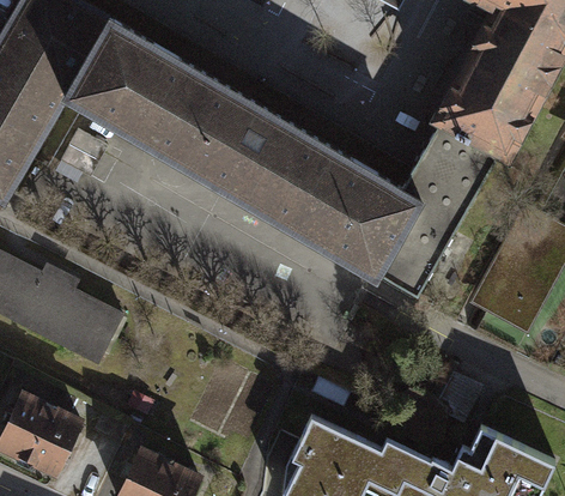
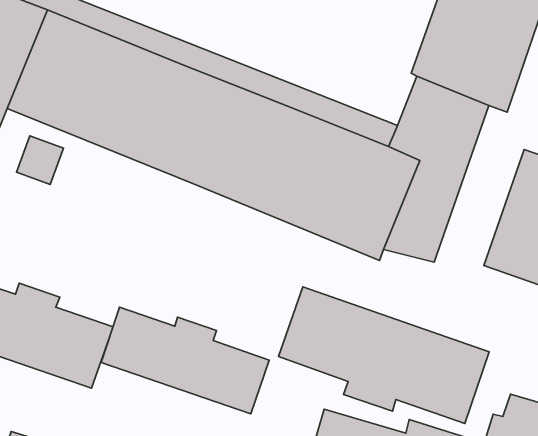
building: none -> [101,307,269,414]
building: none -> [278,287,489,423]

